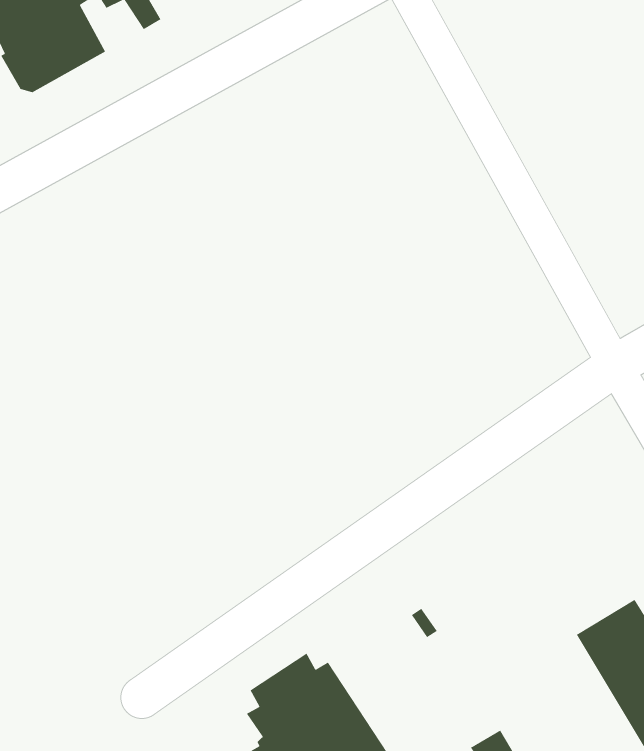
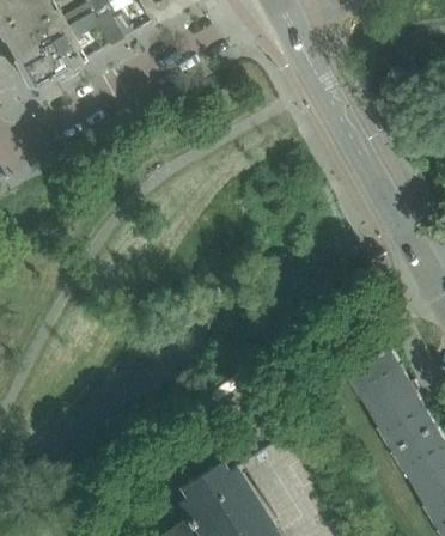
building: none -> [350,348,437,451]

